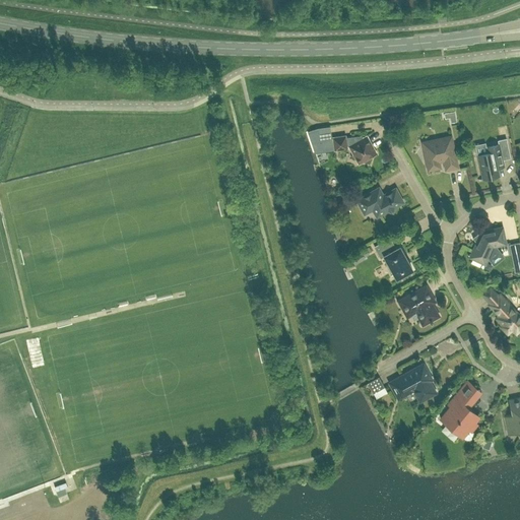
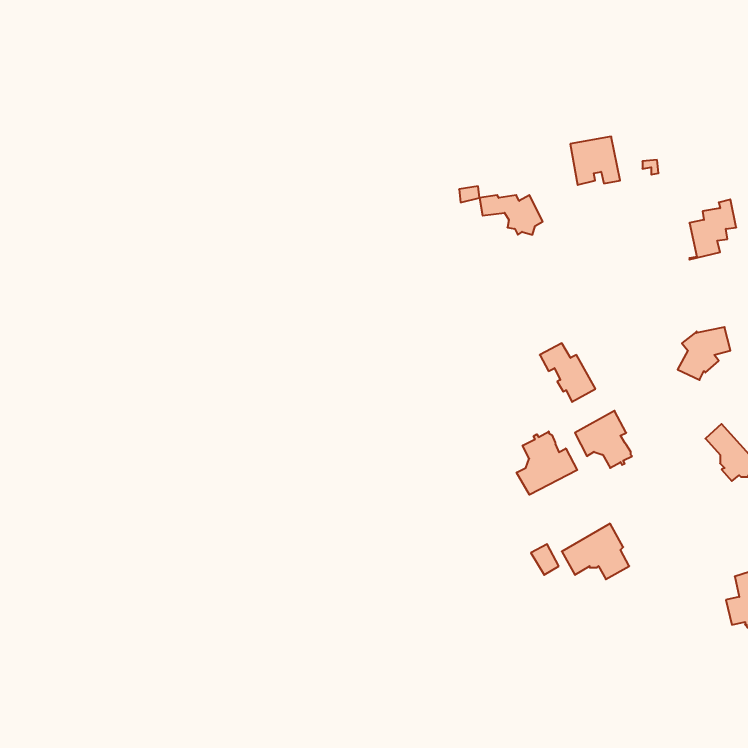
building: [424,137,458,171] -> [570,137,620,185]
building: [358,188,404,218] -> none
building: none -> [517,431,577,495]
building: [441,381,480,438] -> none

